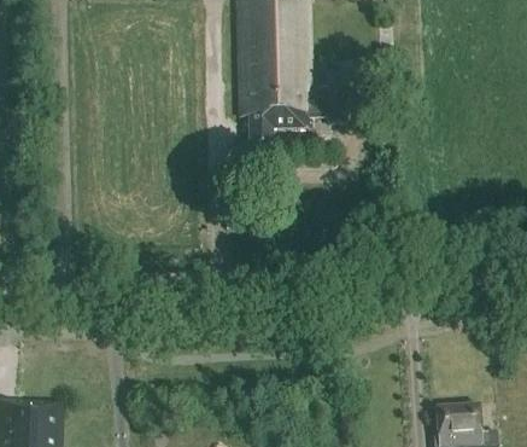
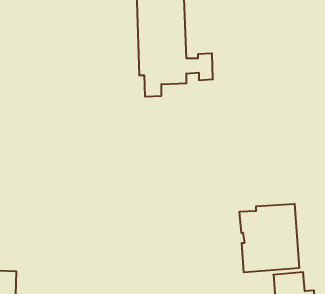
building: none -> [240,204,299,272]

